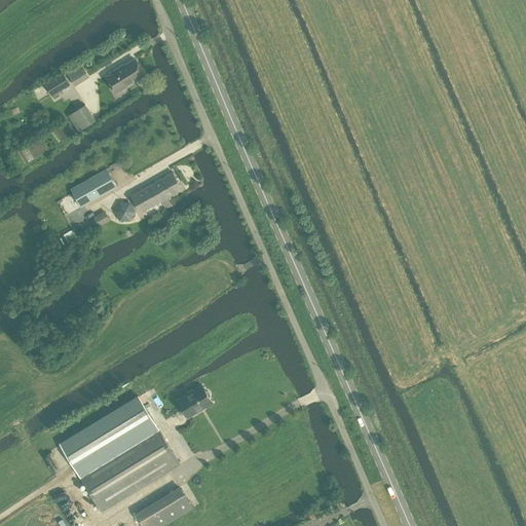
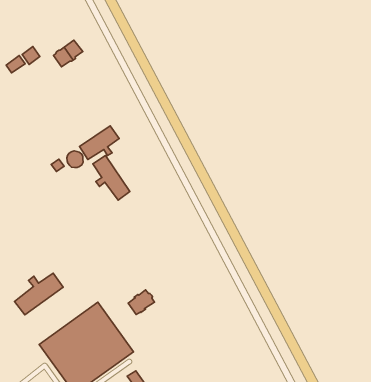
building: [66,104,93,130] -> none
building: [69,168,114,206] -> none
building: none -> [93,155,130,200]
building: none -> [14,273,63,315]

